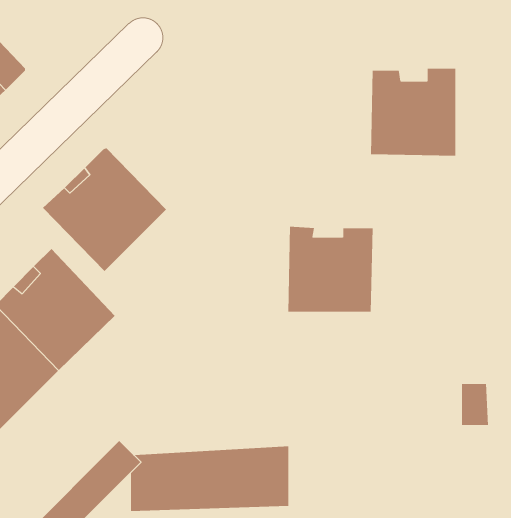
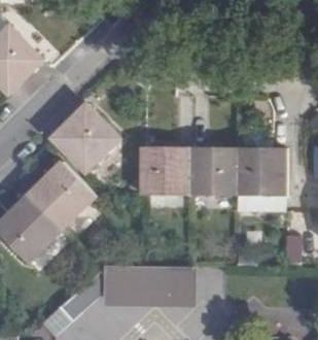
building: [370,68,456,156] -> [237,148,285,198]
building: none -> [142,148,190,197]

